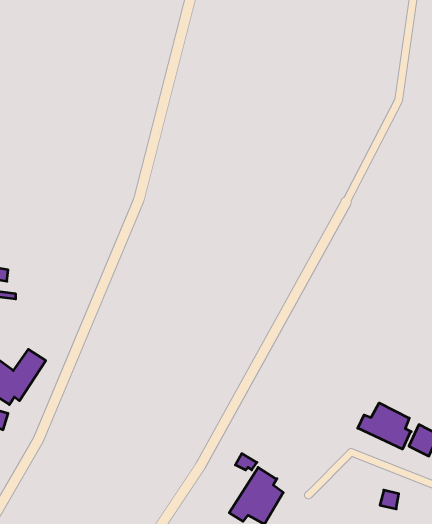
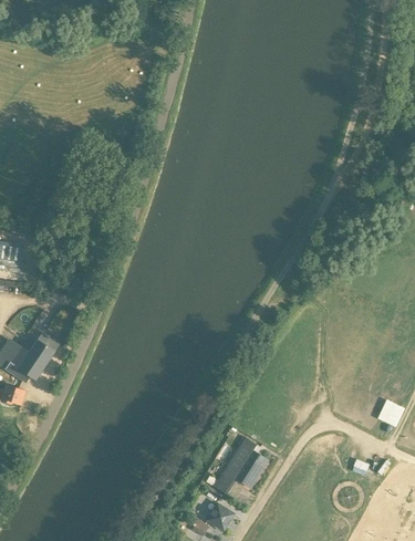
building: [358,403,411,449] -> none

